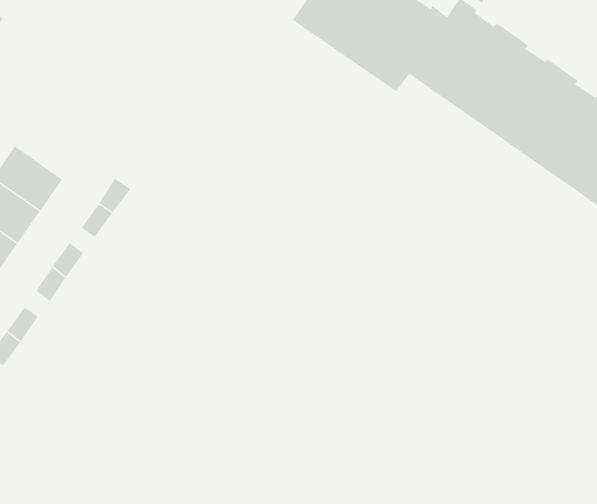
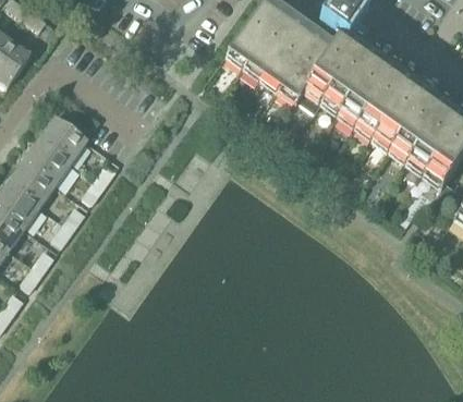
building: none -> [38,117,87,162]

